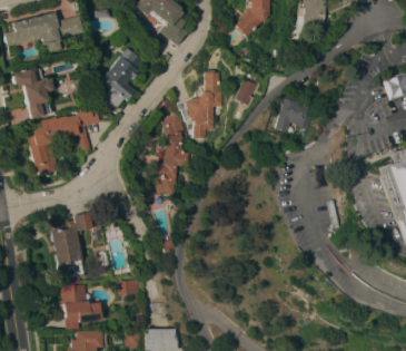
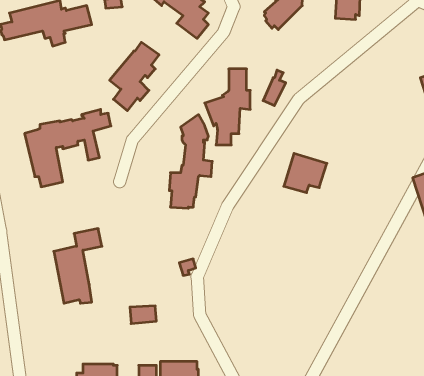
building: [13,68,56,119] -> none
building: [271,99,309,134] -> [284,153,327,193]
building: [61,284,103,330] -> none

